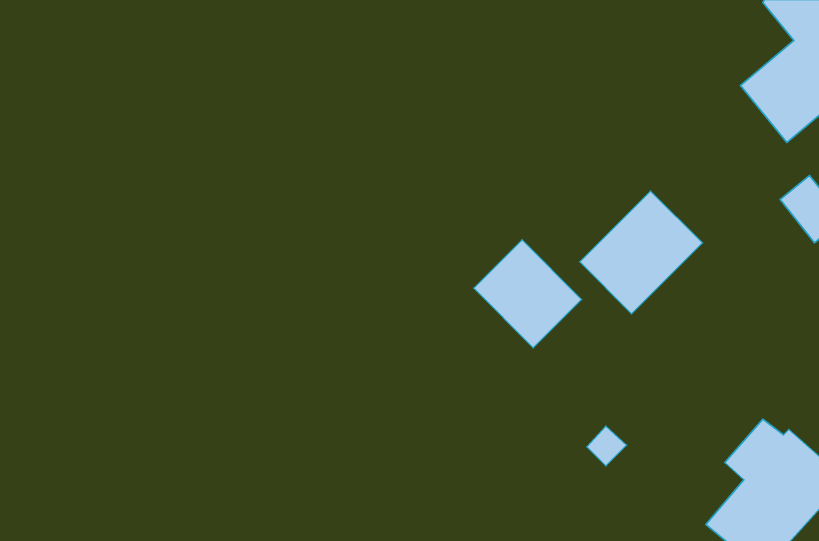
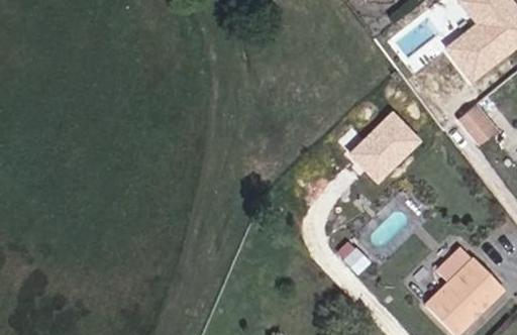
building: [474,240,582,348] -> none

